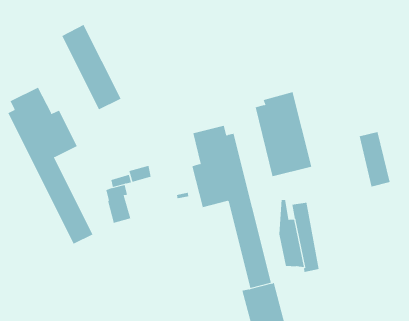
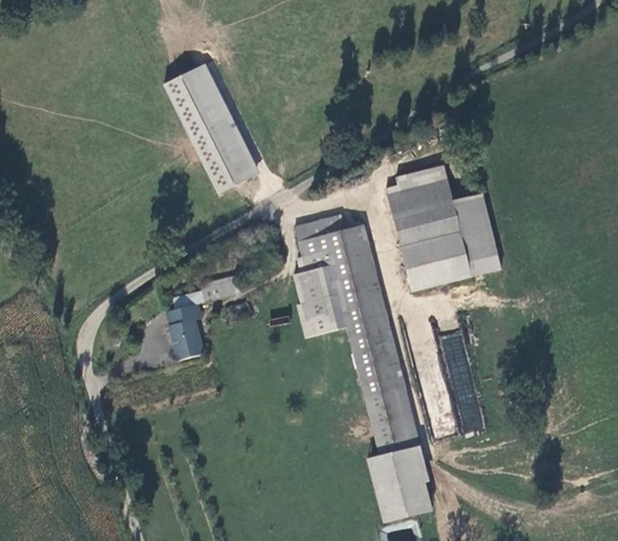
building: [62,24,121,110] -> [165,66,253,193]
building: [8,87,93,245] -> none
building: [359,131,391,187] -> [454,193,501,275]

